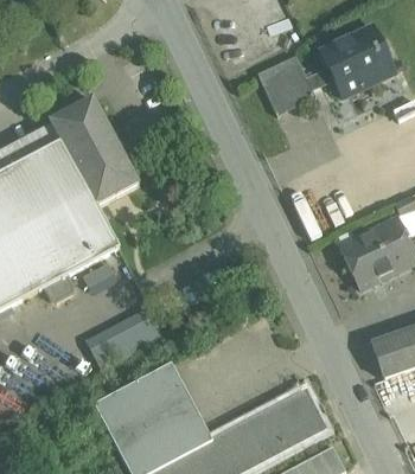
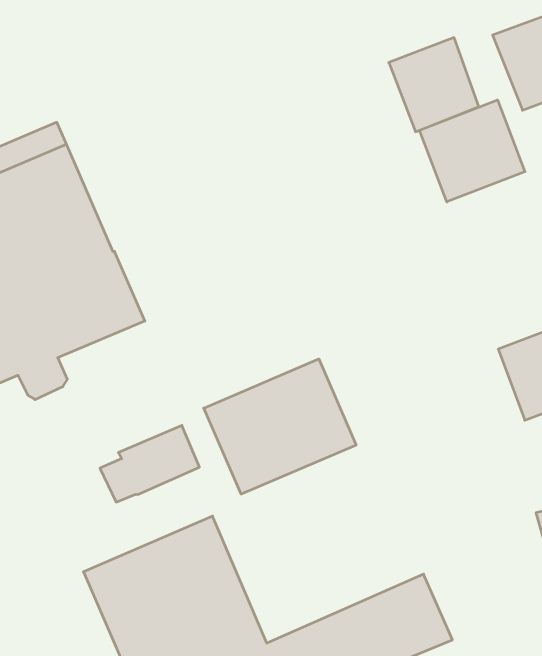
building: none -> [419,100,525,202]
building: [50,97,139,205] -> none
building: none -> [204,359,356,494]

